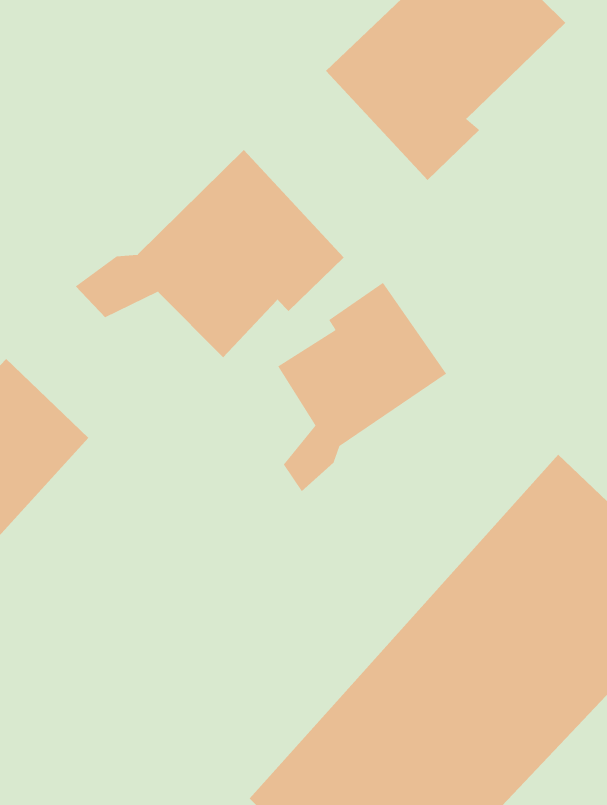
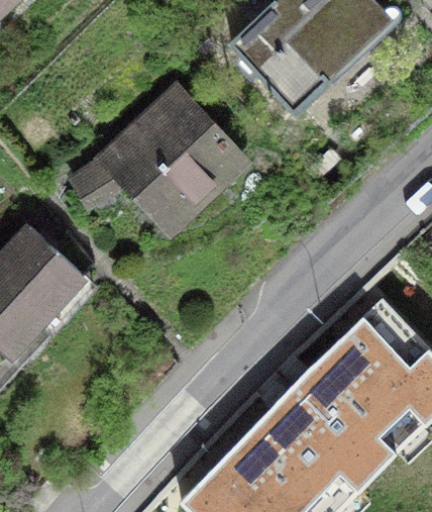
building: [277,282,447,492] -> none

